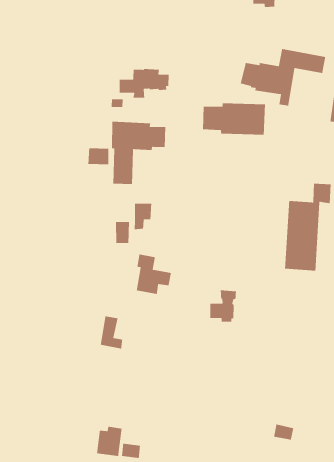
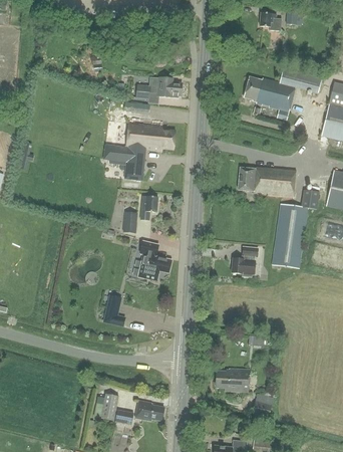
building: [202,102,266,136] -> [237,165,295,197]
building: [209,290,237,323] -> [231,246,257,276]
building: none -> [214,367,249,391]
building: none -> [134,399,163,420]

